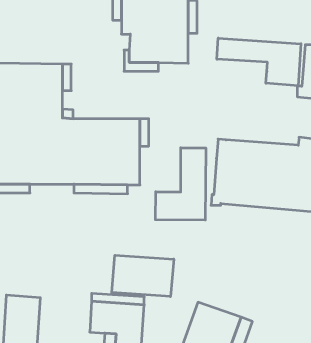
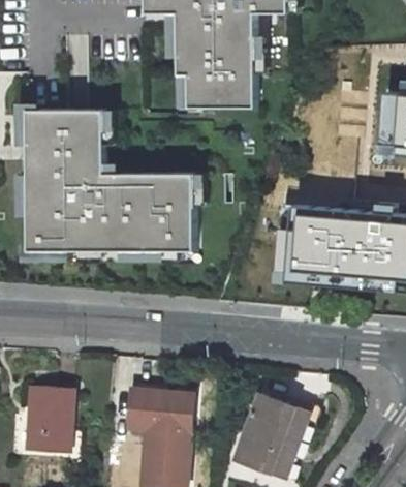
building: [217,38,301,86] -> none
building: [155,148,206,220] -> none
building: [112,255,174,297] -> none

